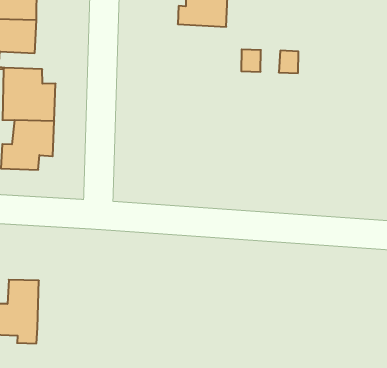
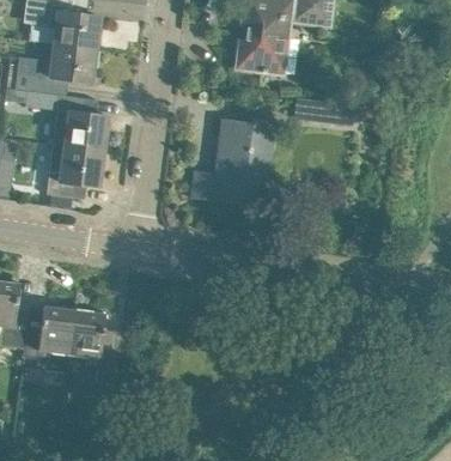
building: none -> [212,116,273,204]
building: none -> [67,309,117,383]

